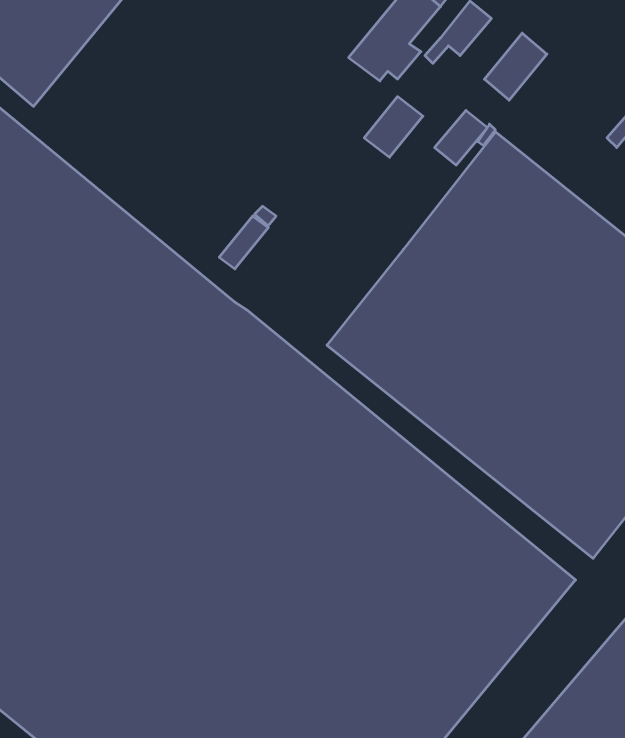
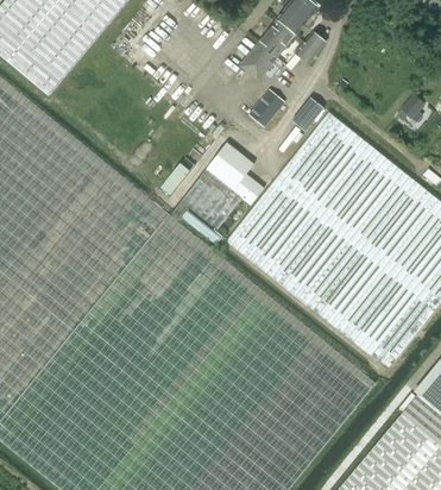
building: [484,33,547,100] -> none
building: none -> [170,143,263,232]

